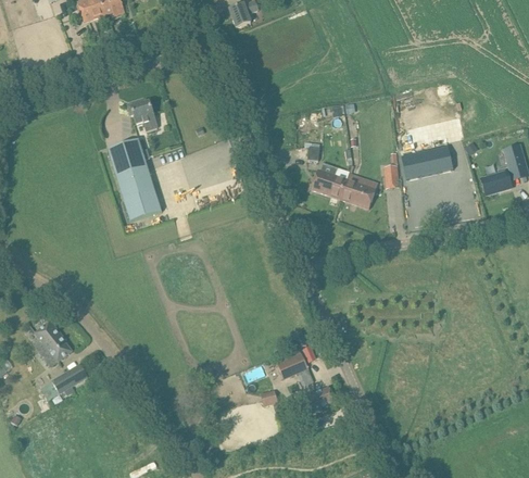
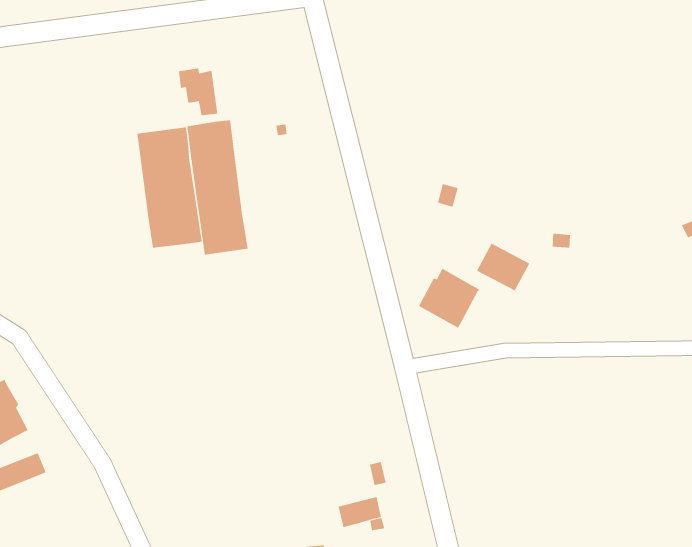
building: none -> [187,119,248,256]
building: [401,146,453,179] -> none
building: [312,162,350,199] -> [418,268,481,328]

